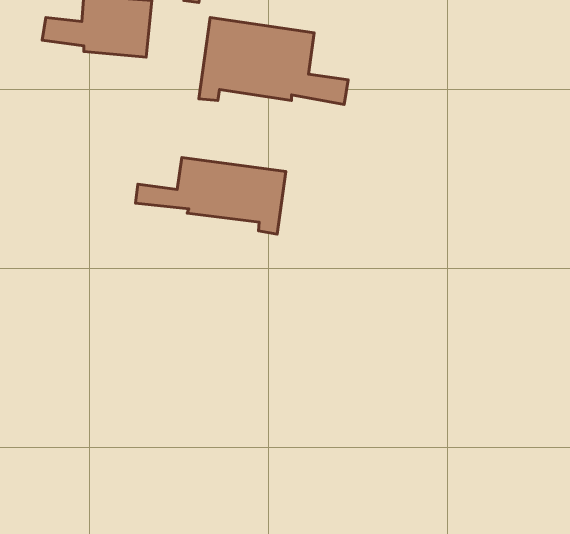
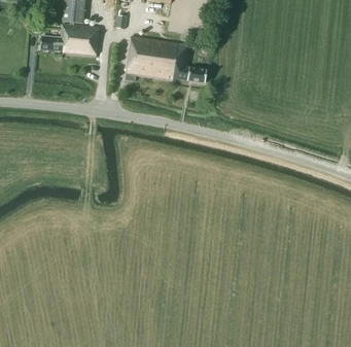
building: [135,158,286,234] -> none

